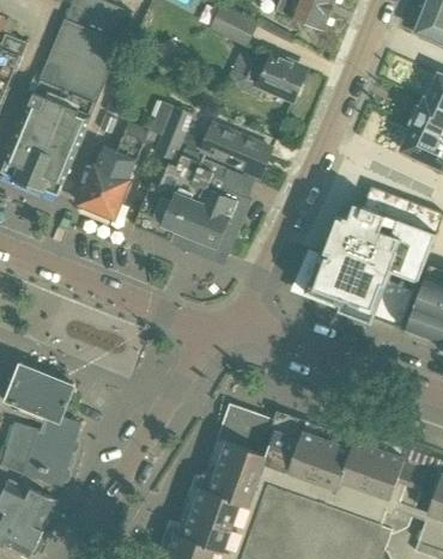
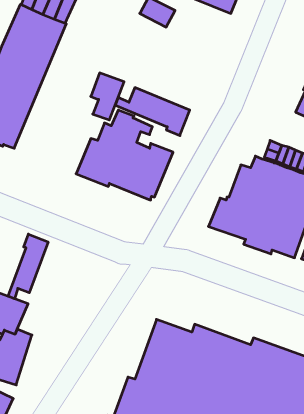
building: [245,50,305,99] -> none
building: [79,122,148,218] -> none
building: none -> [8,234,48,299]

